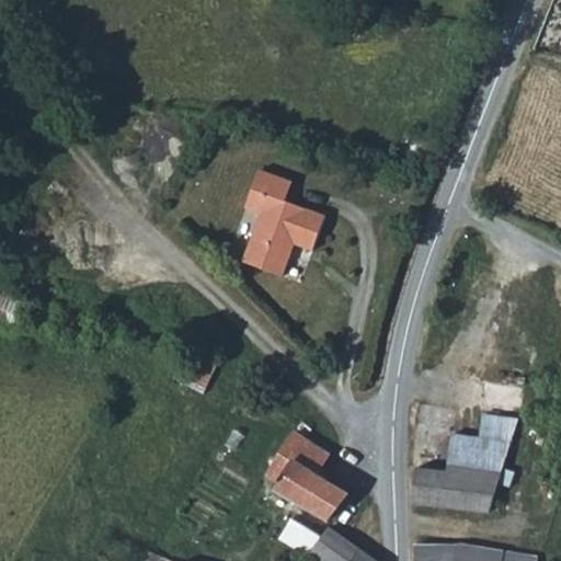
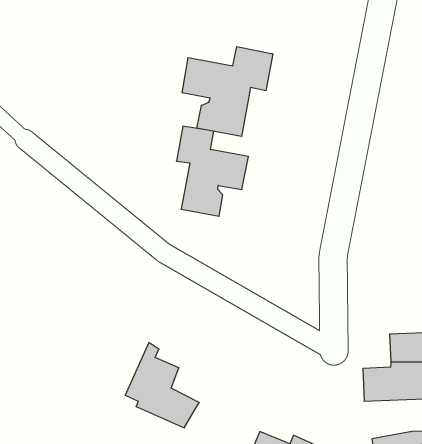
building: none -> [182,47,273,136]
building: [265,421,345,520] -> [125,343,199,428]

